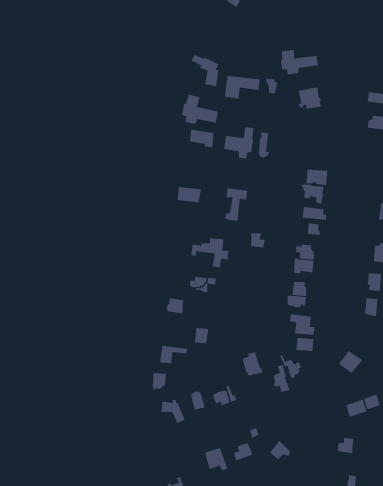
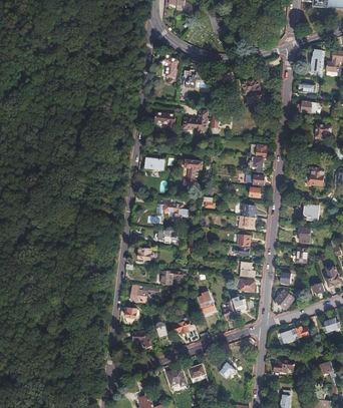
building: [280,49,319,75] -> none
building: [182,94,218,125] -> none

